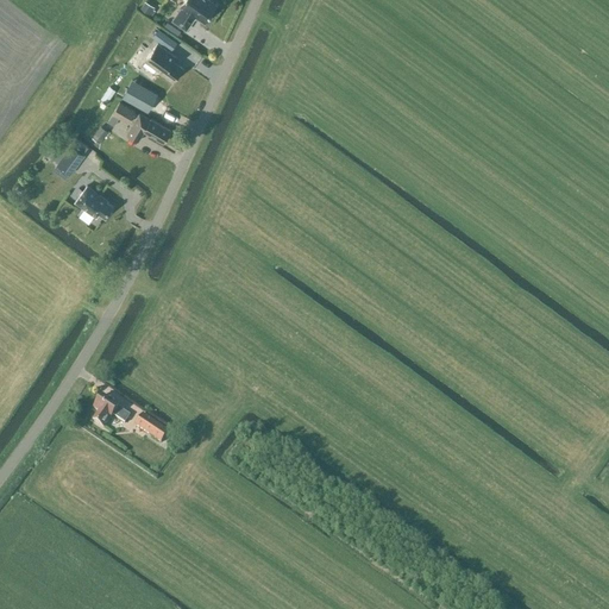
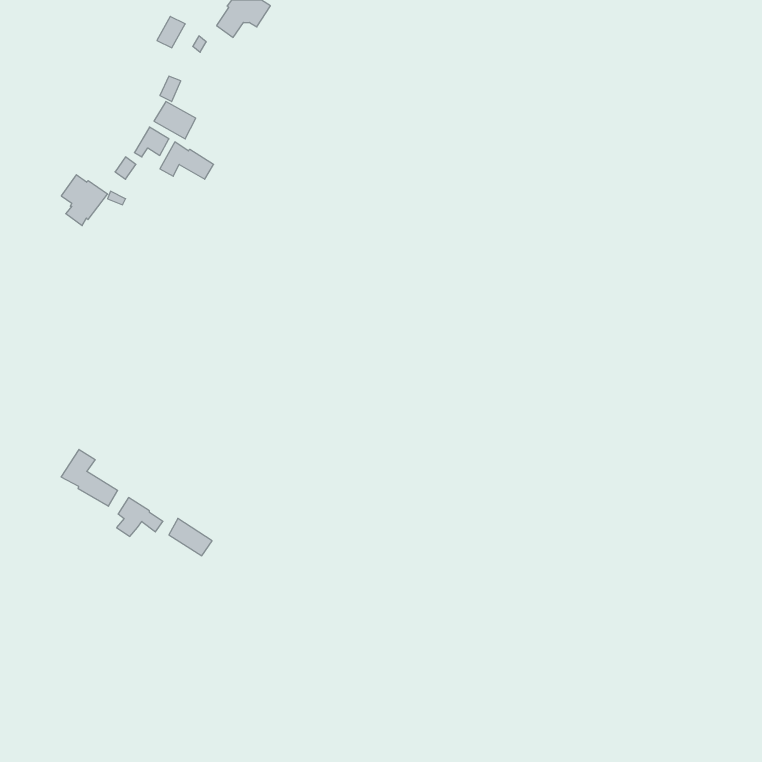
building: [146,45,183,80] -> none
building: [76,187,114,219] -> none
building: none -> [61,449,118,506]

